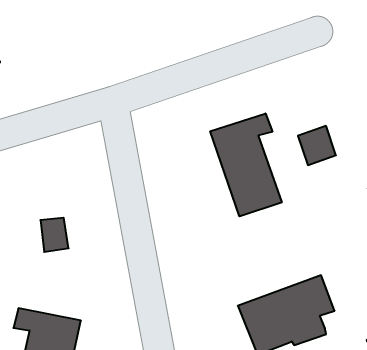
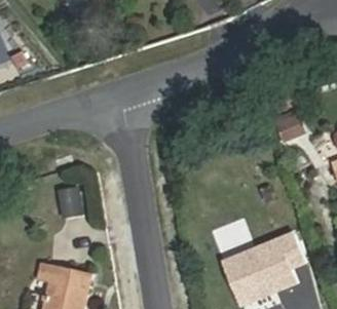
building: [210,113,282,216] -> none

